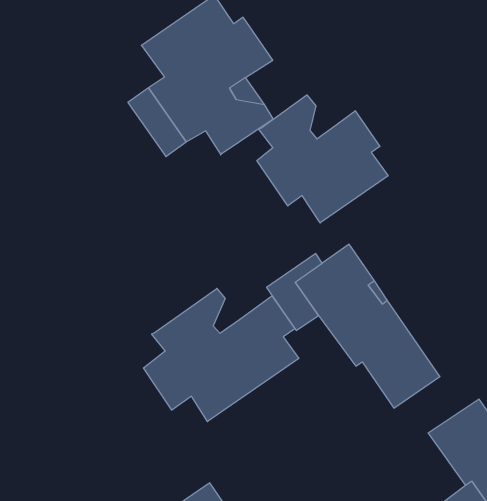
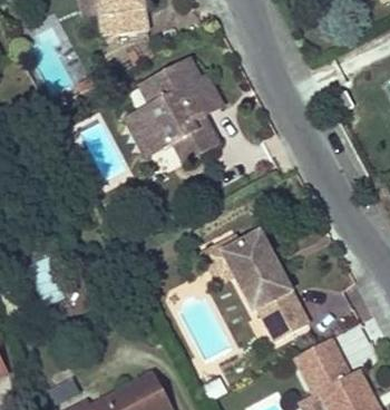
building: [257,95,388,223] -> none
building: [143,288,299,422] -> none

